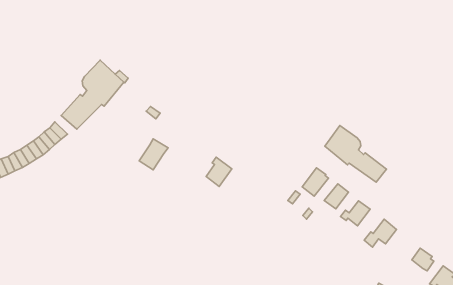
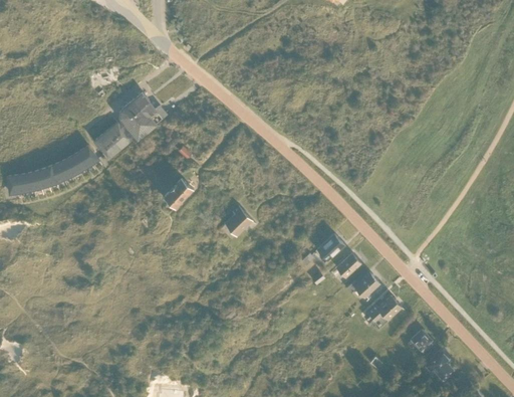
building: [325,125,387,182] -> none

